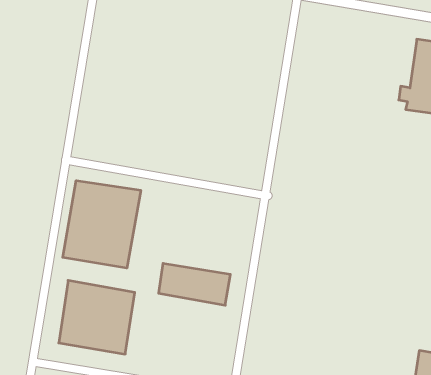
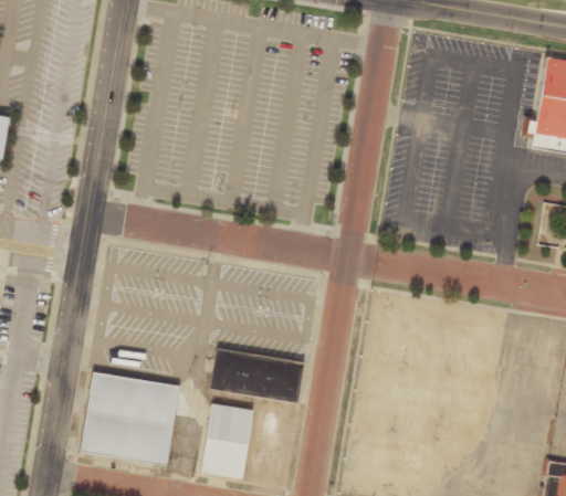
building: [63,181,141,268] -> none
building: none -> [202,403,256,479]

